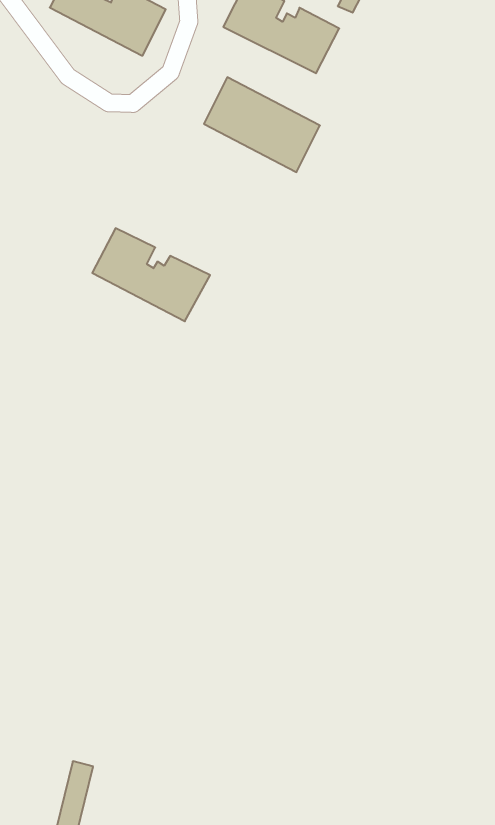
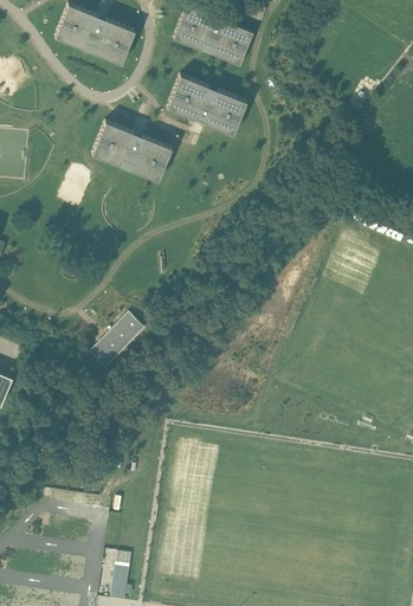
building: [92,228,210,321] -> [91,123,172,182]
building: none -> [89,314,143,368]

